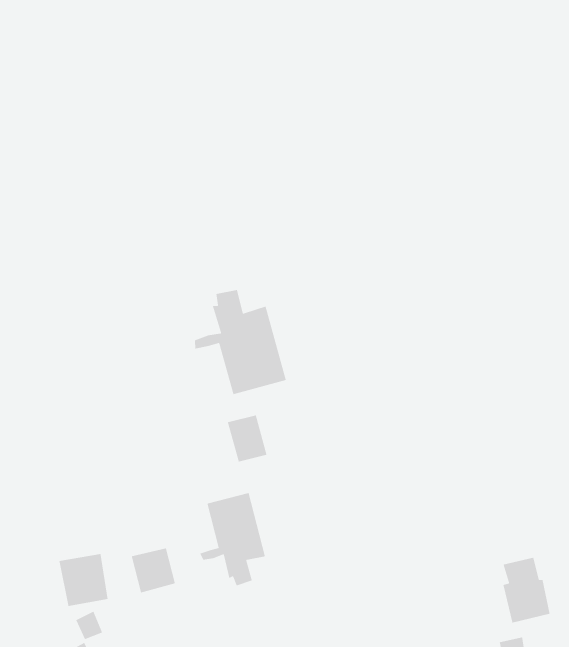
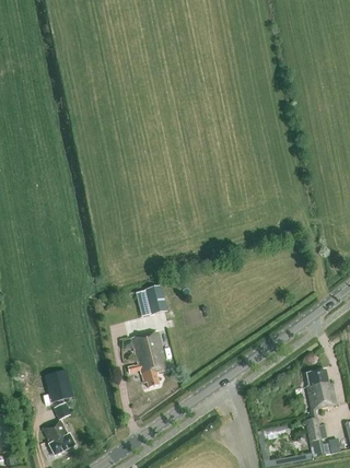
building: [194,289,287,395] -> none
building: [131,548,176,594] -> none

